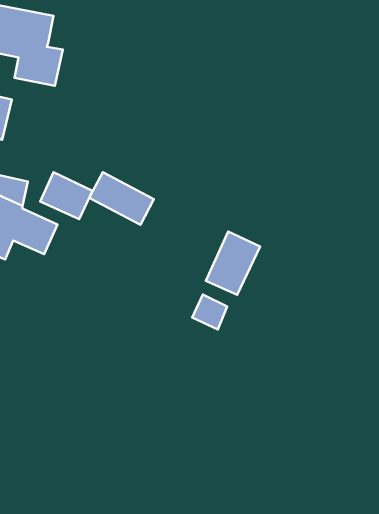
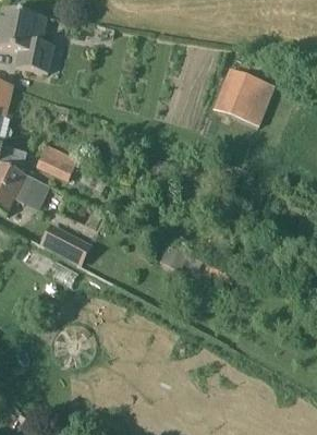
building: none -> [214,65,275,124]
building: [89,172,154,225] -> [39,221,92,264]
building: [206,231,260,295] -> none

